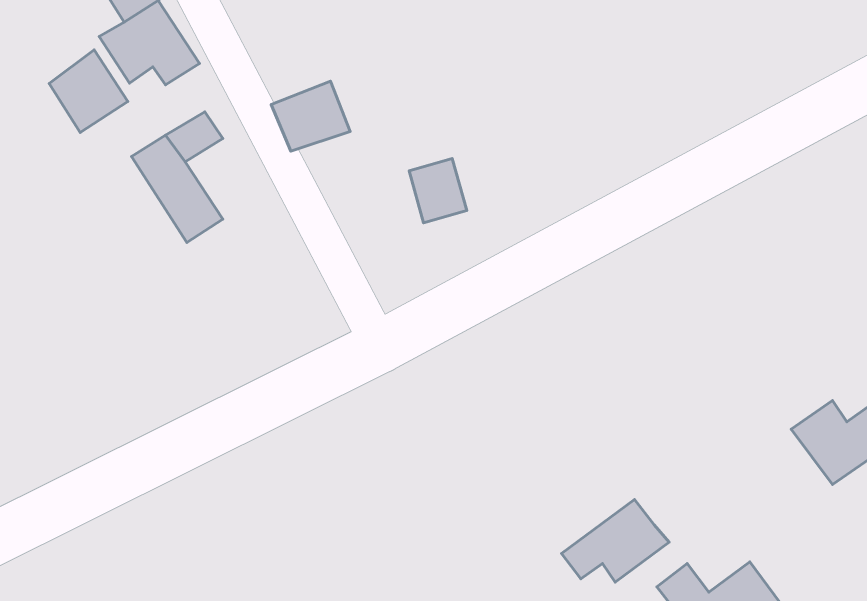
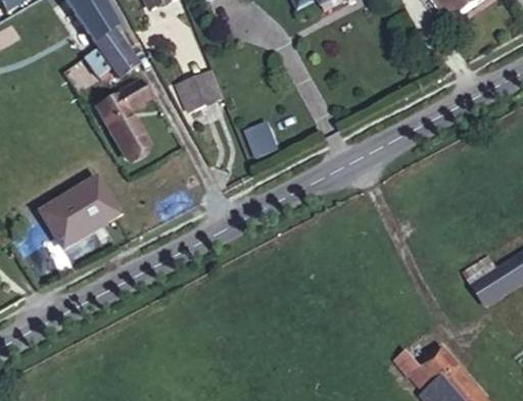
building: [49,50,128,133] -> none
building: none -> [36,180,120,256]
building: [561,500,669,582] -> none

